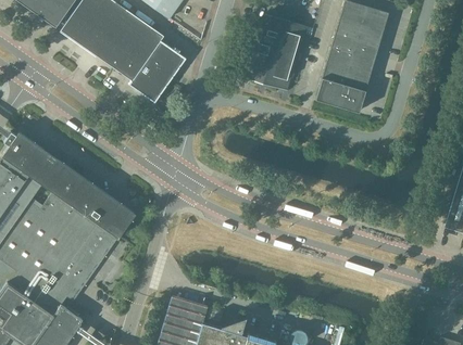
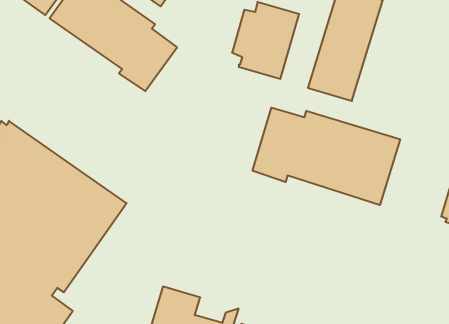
building: none -> [253,108,400,205]

